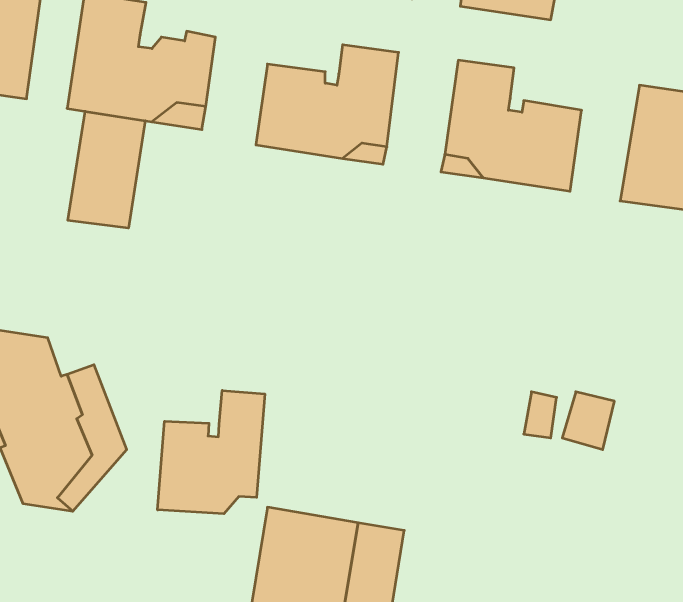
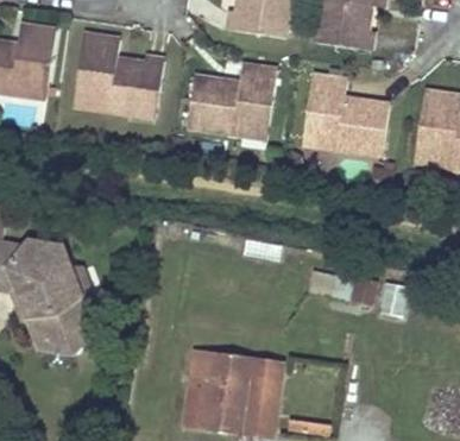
building: [68,111,145,228] -> none
building: [158,390,265,514] -> none

